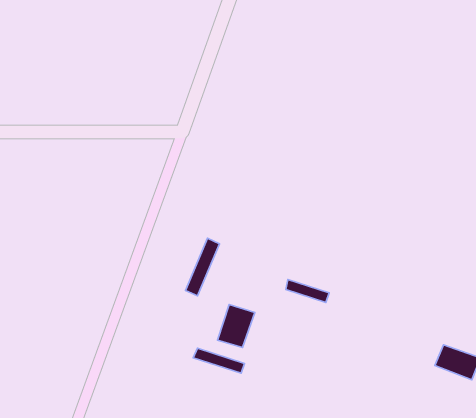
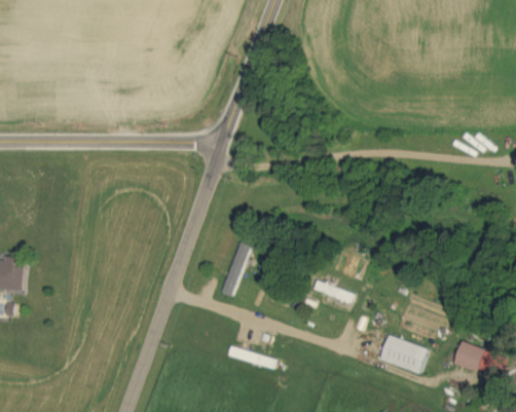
building: [217,304,255,347] -> none
building: none -> [381,335,429,374]

